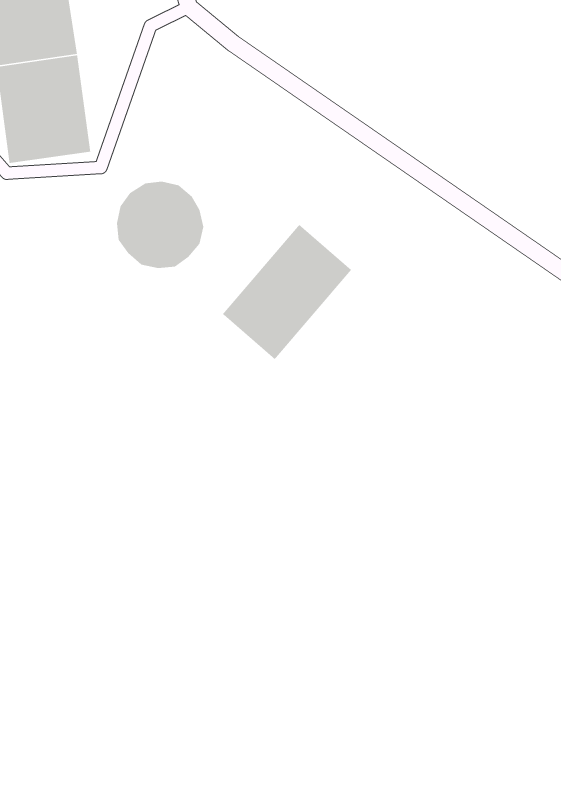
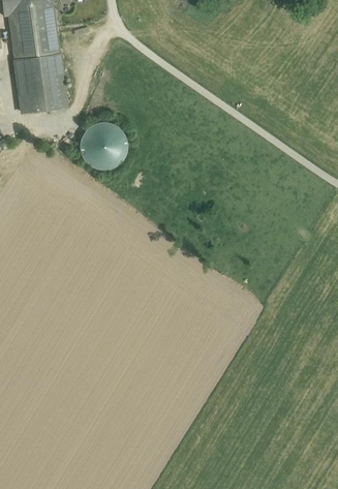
building: [222,224,352,360] -> none

